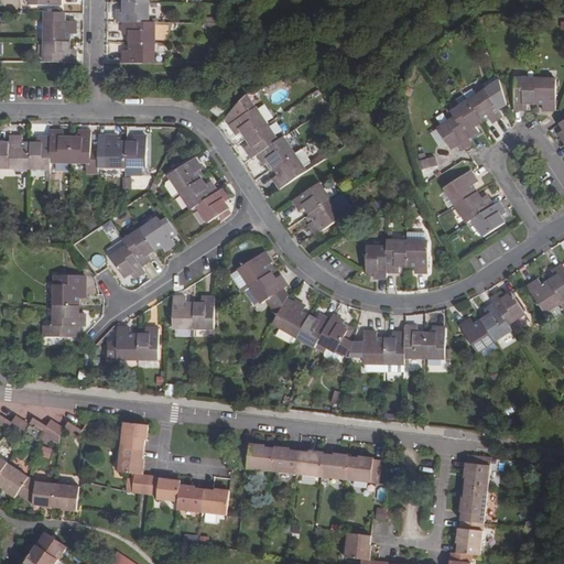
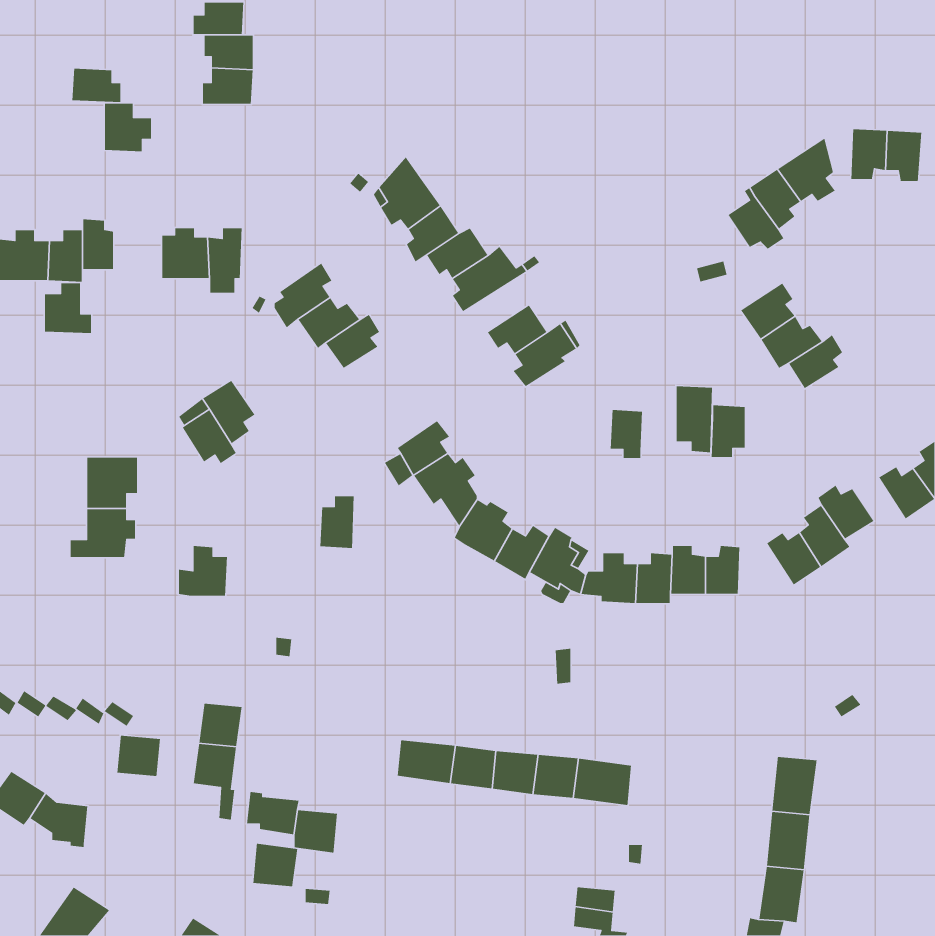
building: [44,12,73,42] -> [104,103,152,152]
building: [68,132,97,163] -> [44,283,92,334]
building: [139,217,175,250] -> none
building: [384,239,405,271] -> [711,405,746,458]
building: [171,296,193,328] -> none
building: [135,328,158,358] -> none
building: [51,484,77,509] -> [117,735,161,777]
building: [200,488,228,514] -> [252,843,298,887]

